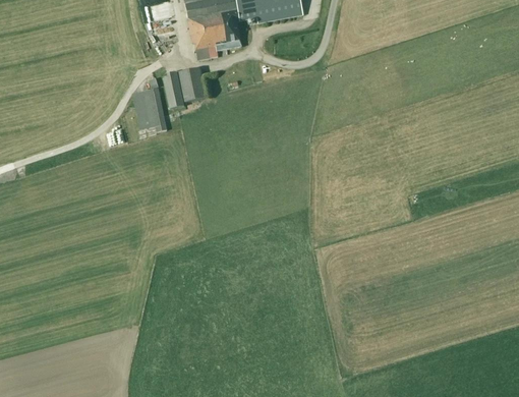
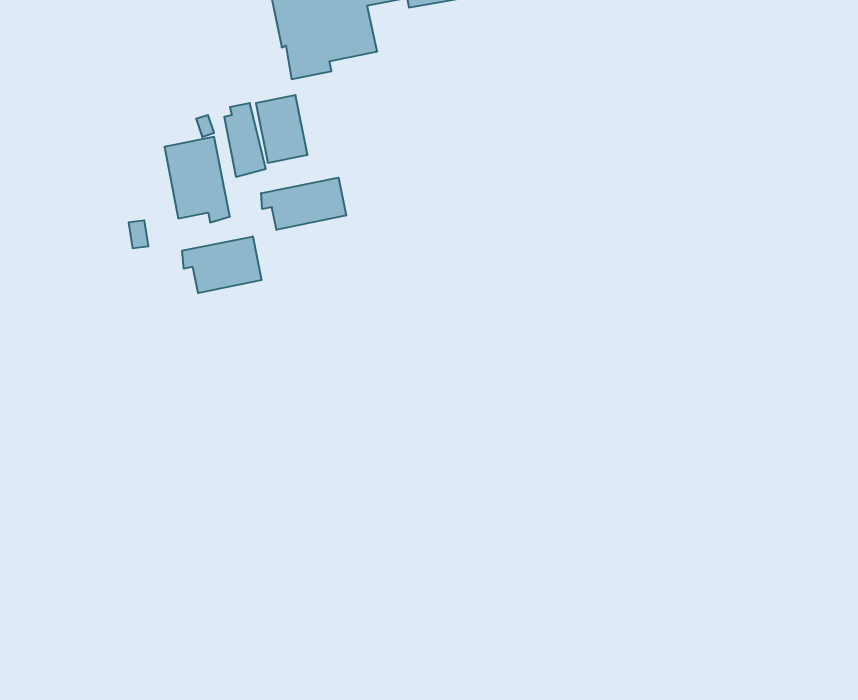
building: none -> [261,178,346,230]
building: none -> [182,236,262,293]

